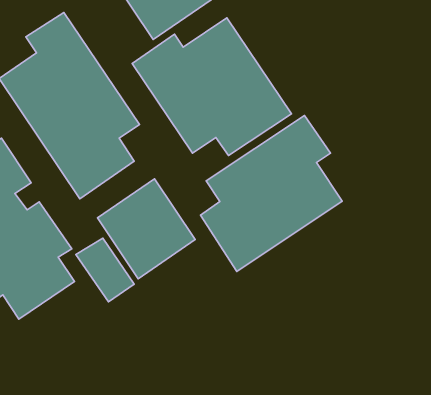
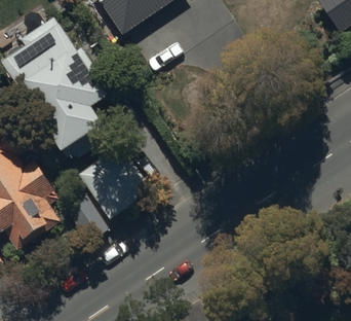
building: [132,18,292,155] -> none
building: [200,116,342,271] -> none

